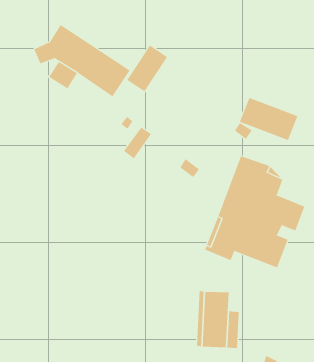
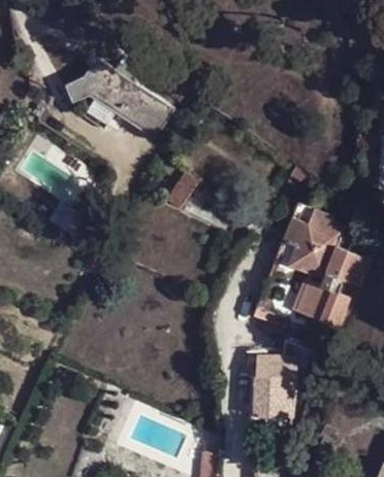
building: [127,45,168,92] -> none
building: [239,97,298,141] -> none

